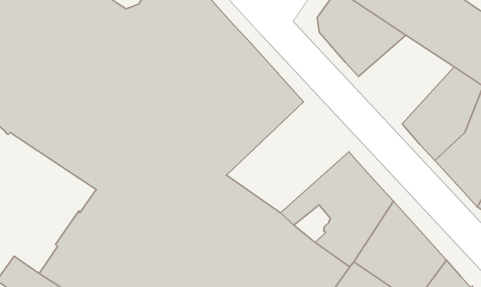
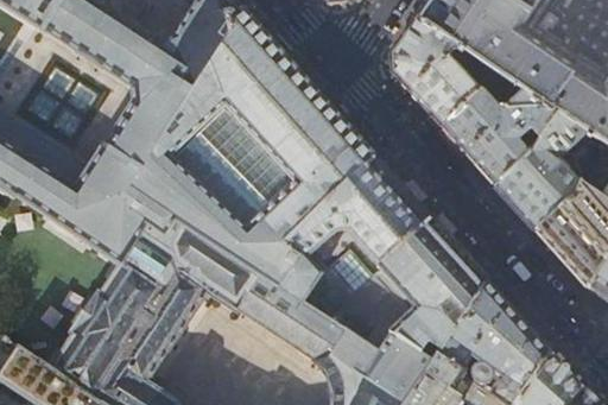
building: none -> [443,77,560,186]
building: none -> [280,159,431,296]

